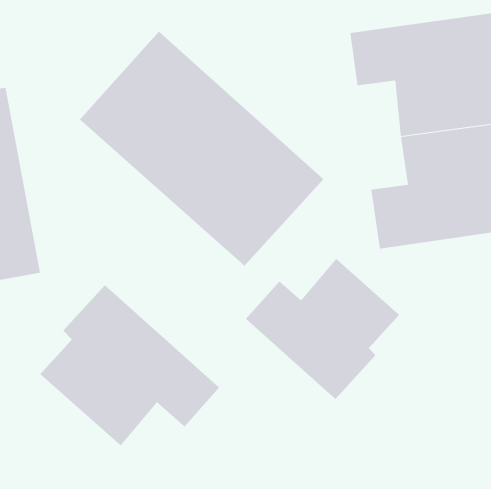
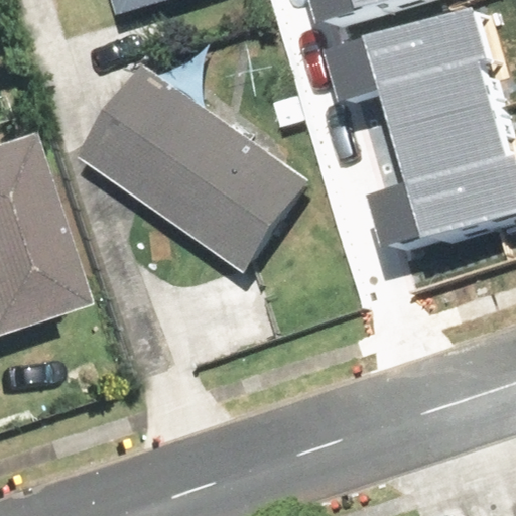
building: [245,258,400,400] -> none
building: [39,284,220,446] -> none

